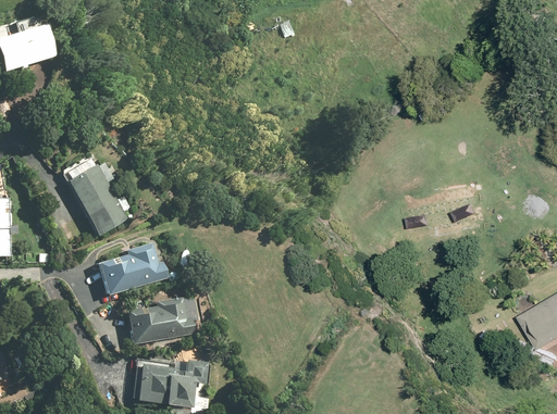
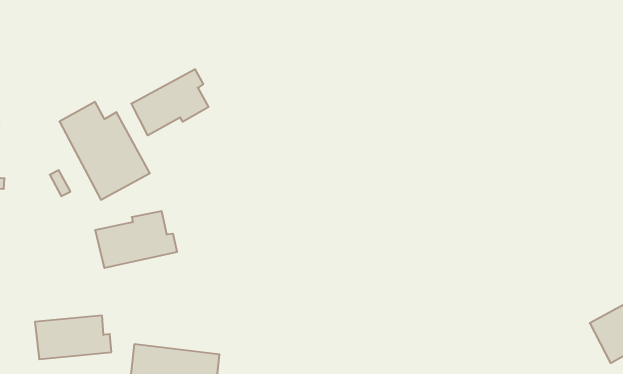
building: none -> [131,69,208,135]
building: [127,303,194,343] -> [35,316,111,359]

